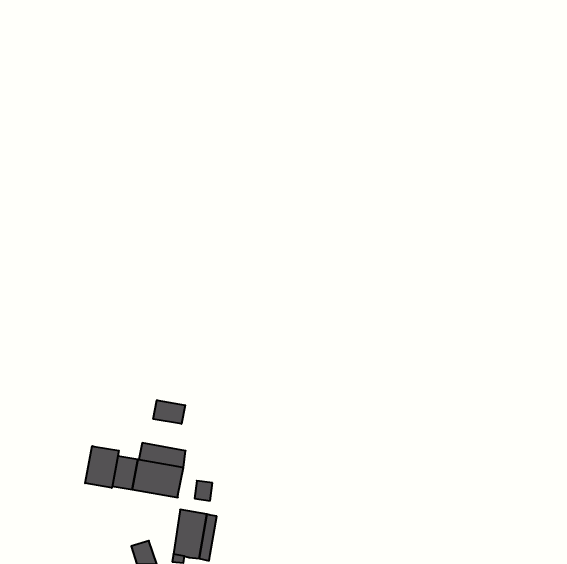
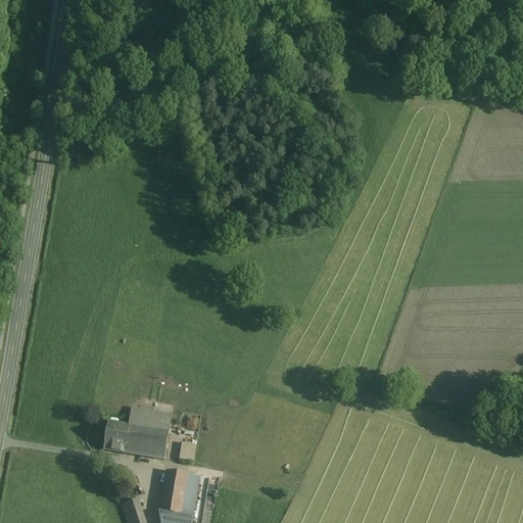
building: [153,400,185,424] -> none
building: [85,446,119,488] -> none

